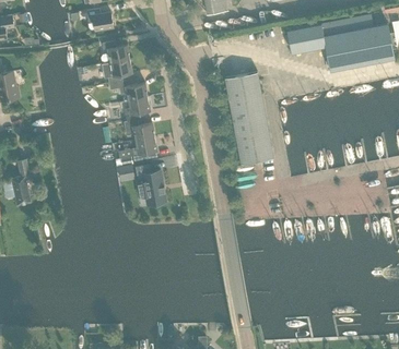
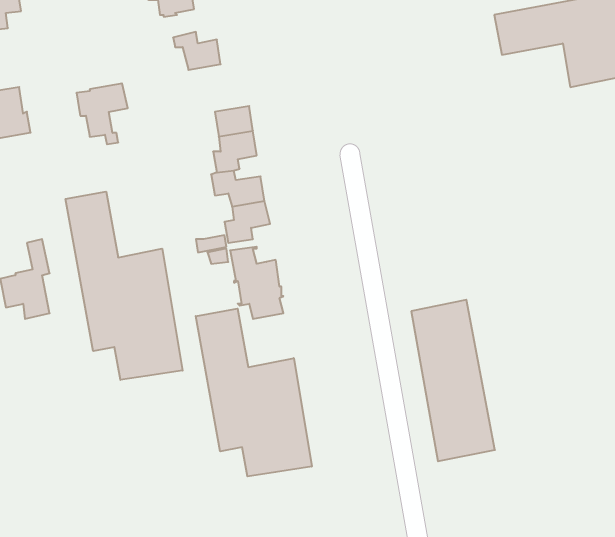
building: [103,59,132,94] -> [76,83,128,144]
building: [225,72,273,165] -> [411,300,495,461]
building: none -> [66,192,183,380]
building: none -> [196,309,312,476]

